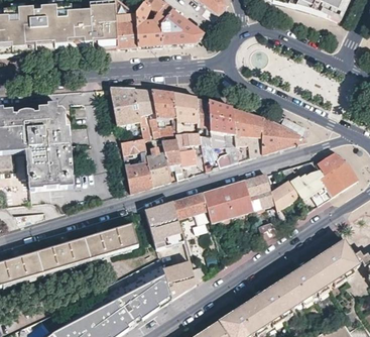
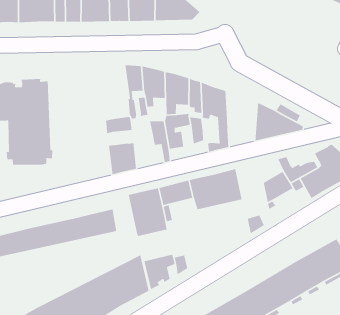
building: [109,87,141,125] -> none
building: [232,107,262,160] -> none
building: [147,146,171,186] -> none
building: [245,174,274,210] -> none

